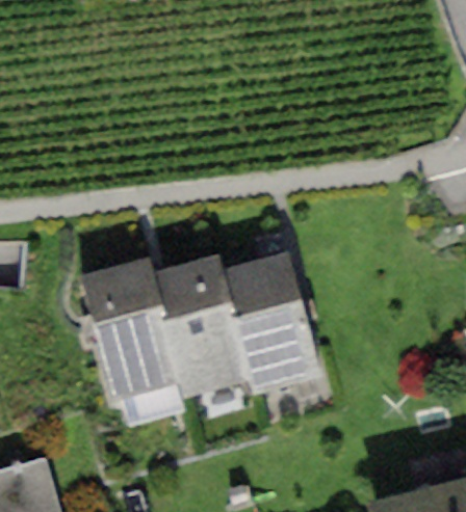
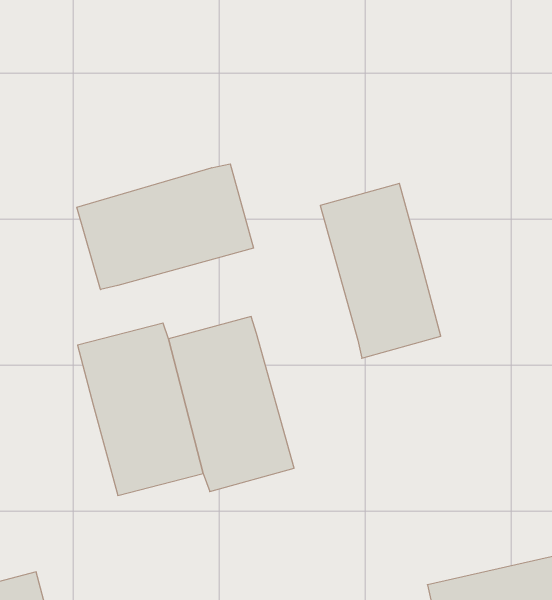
building: none -> [77,164,254,290]
building: [224,252,320,393] -> [320,183,441,358]

